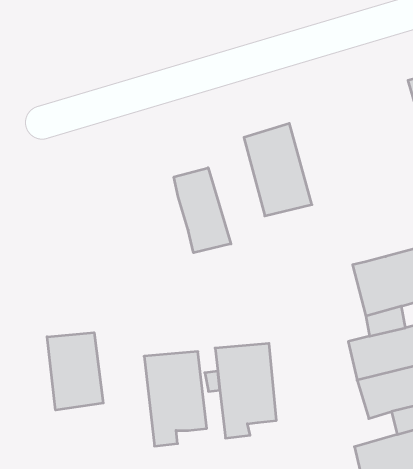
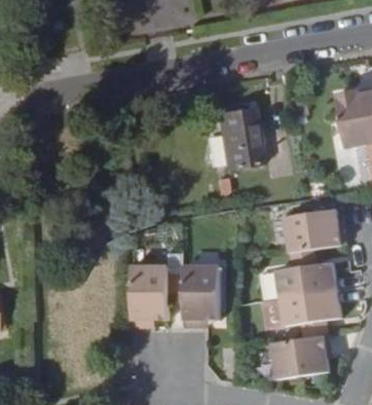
building: [174,168,231,253] -> none
building: [47,333,103,410] -> none

